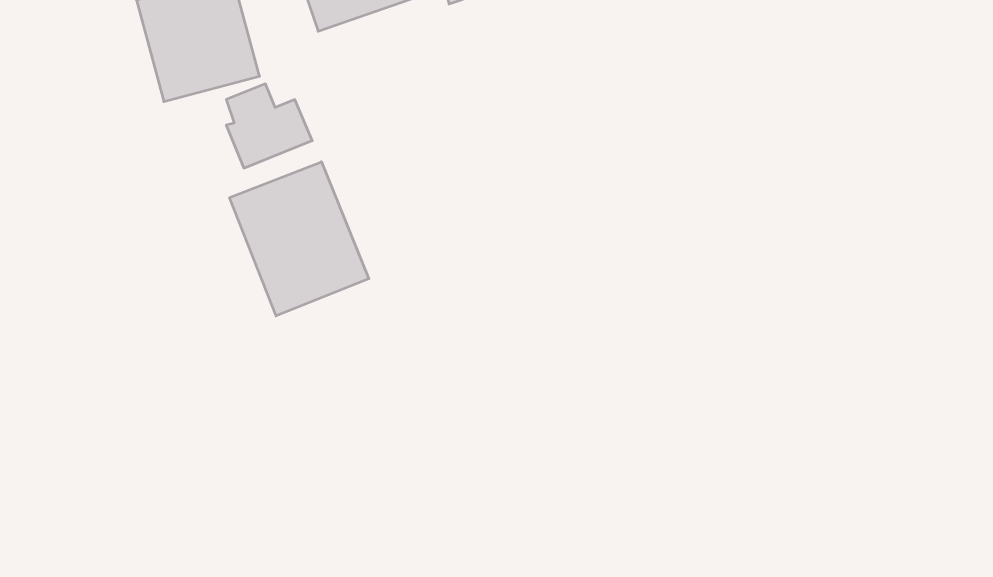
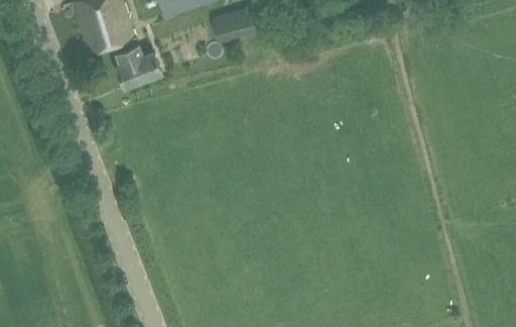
building: none -> [210,7,259,45]
building: [230,162,369,316] -> none

